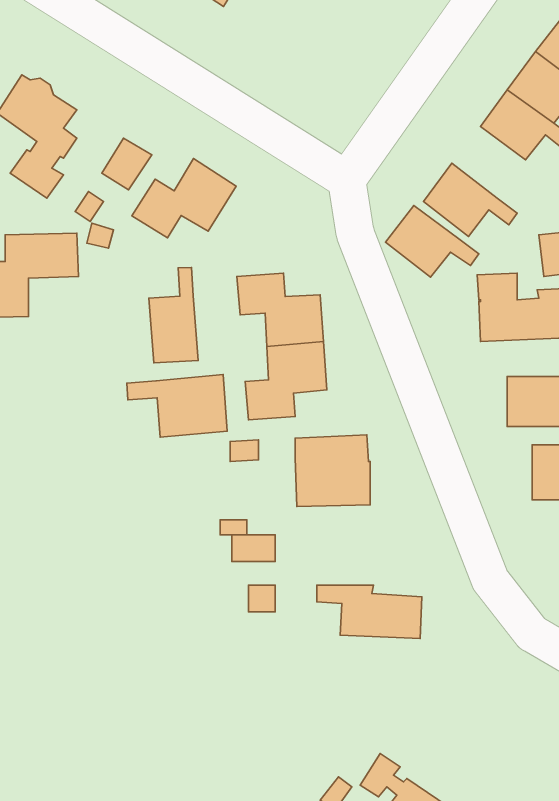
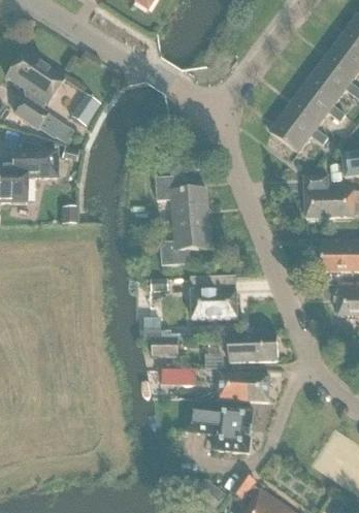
building: [132,159,236,238] -> none
building: [385,205,479,277] -> [288,85,346,129]
building: [149,268,198,363] -> none
building: [127,375,227,437] -> none
building: none -> [228,334,278,362]
building: none -> [185,405,254,453]

